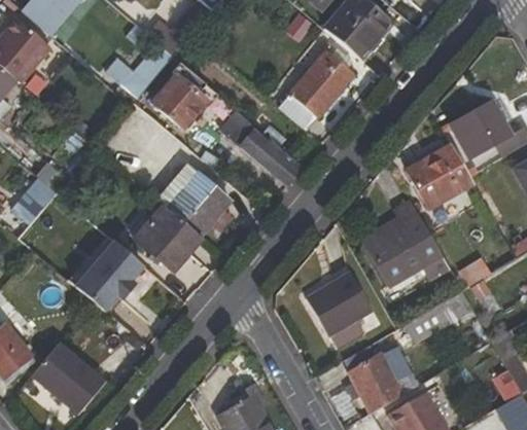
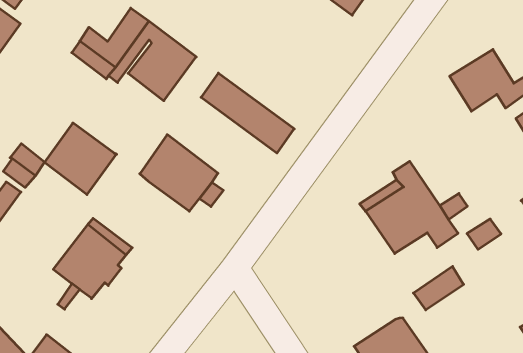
building: [280,50,353,130] -> none
building: [406,143,475,210] -> none
building: [135,204,203,272] -> [44,123,117,195]
building: [306,271,374,348] -> none

